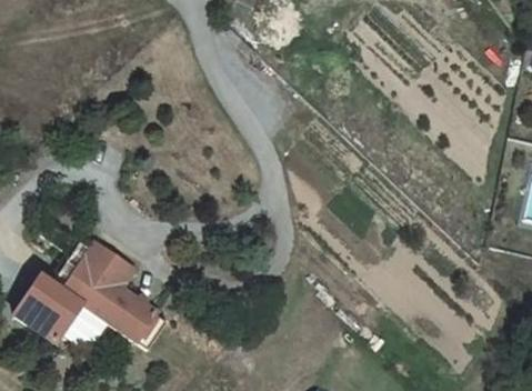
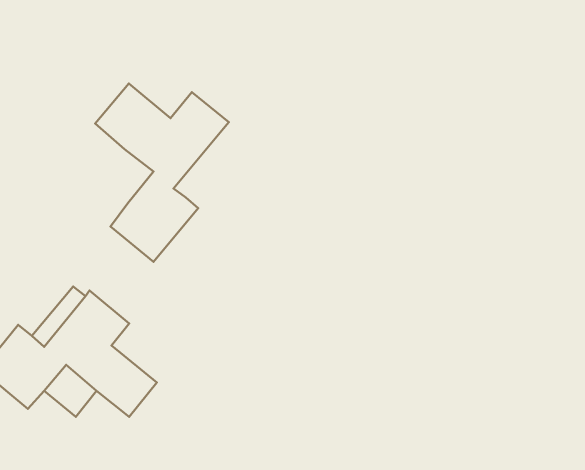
building: none -> [95,83,229,262]

